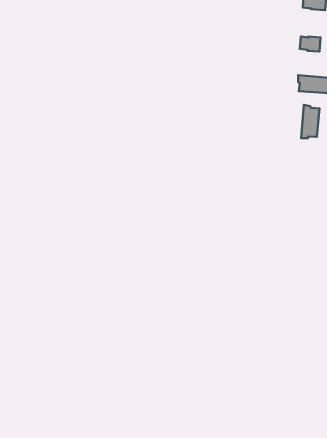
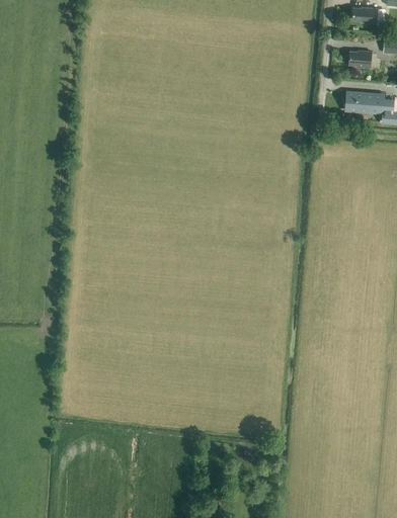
building: [301,105,320,138] -> none

